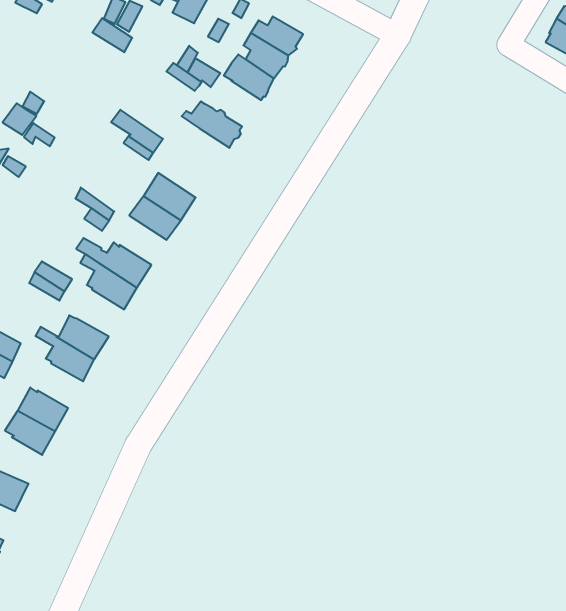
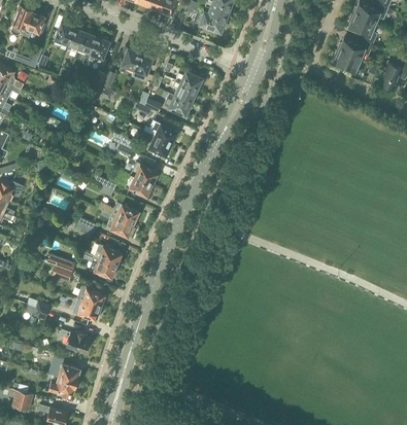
building: none -> [142,130,172,155]

